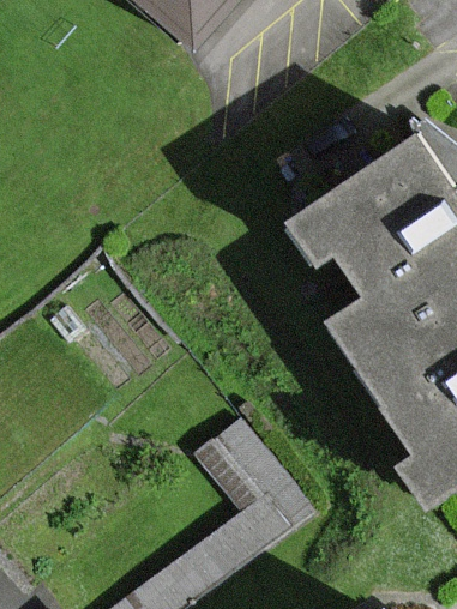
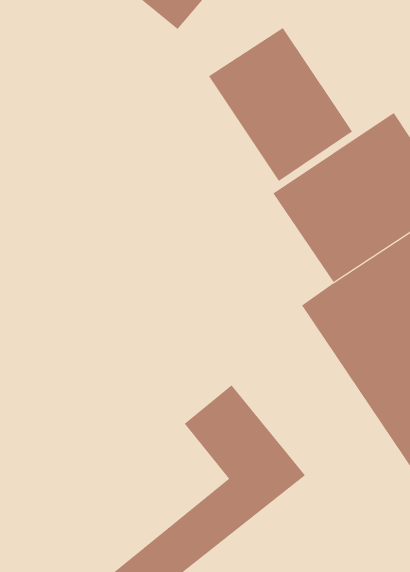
building: none -> [208,27,353,182]

